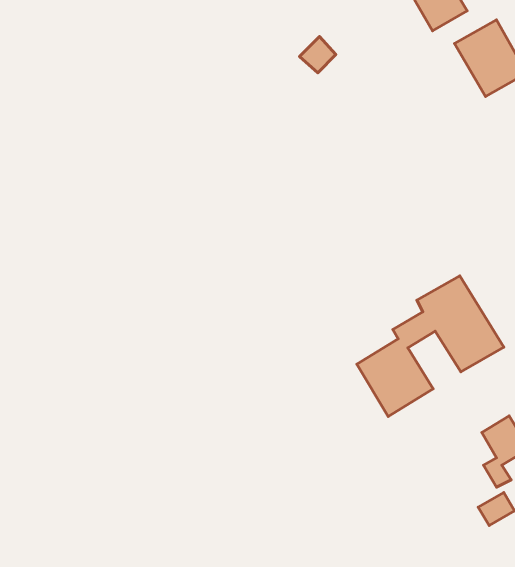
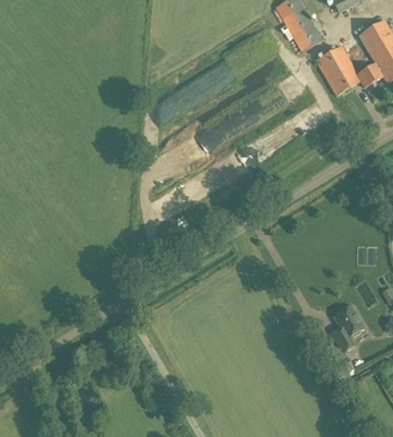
building: [357,276,504,417] -> none

